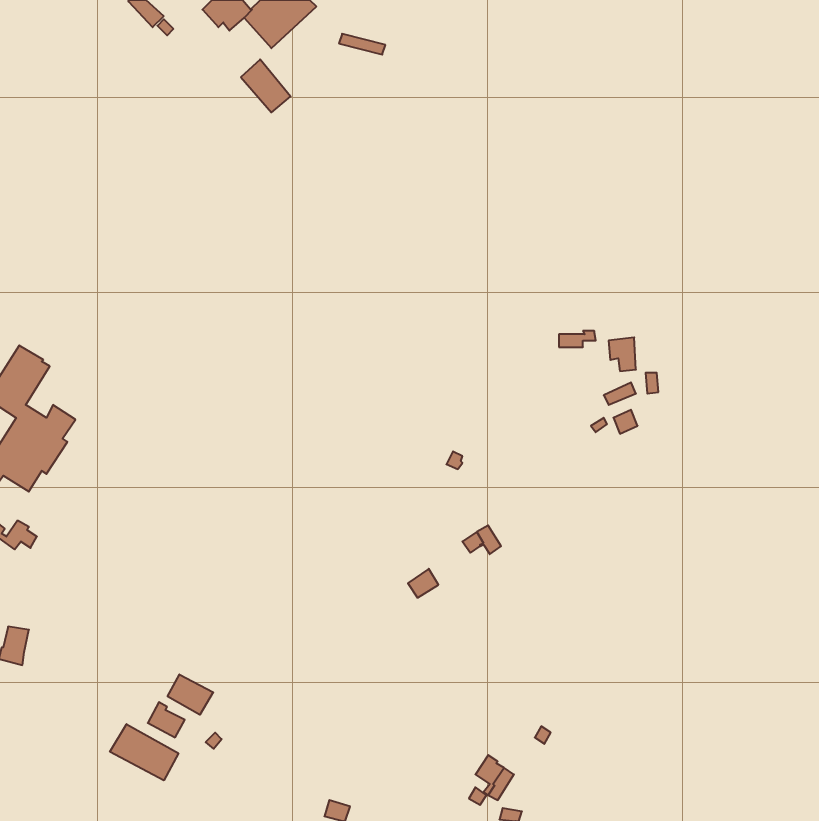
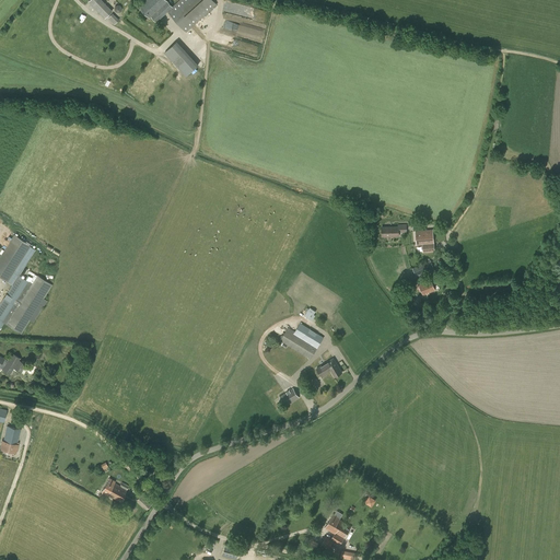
building: none -> [280,323,323,358]
building: [168,674,213,715] -> none
building: [110,724,178,780] -> none

